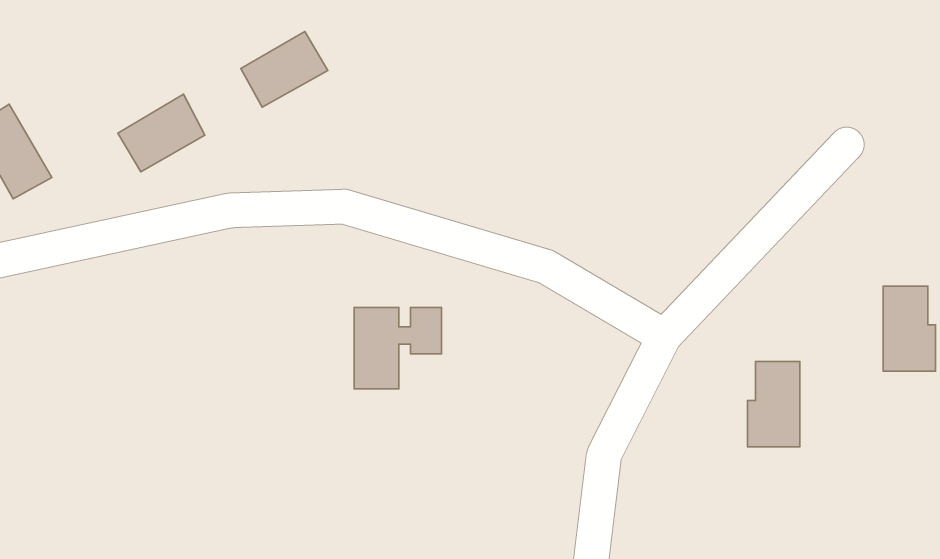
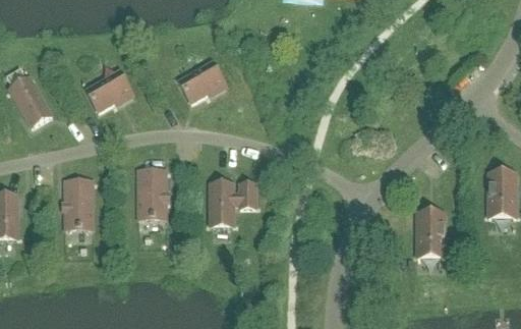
building: [241,32,328,107] -> [179,64,225,104]
building: none -> [137,170,168,219]
building: none -> [62,180,92,229]

